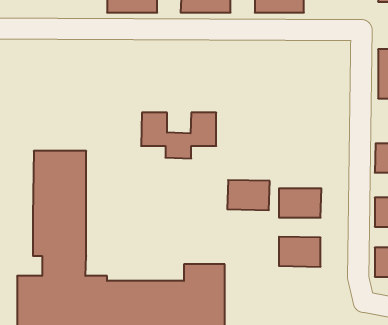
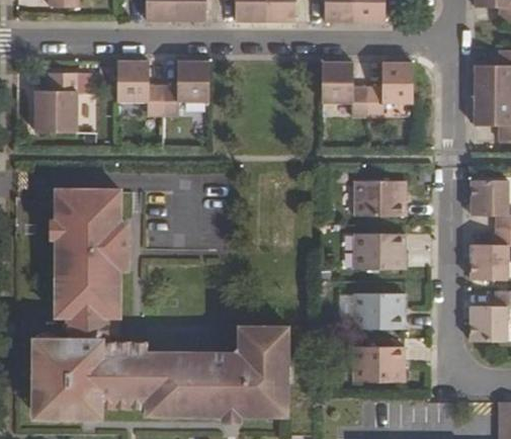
building: none -> [322,63,413,118]
building: none -> [35,74,77,134]
building: [141,113,216,158] -> [117,62,208,117]
building: [227,180,270,210] -> [354,181,406,217]
building: none -> [353,347,405,382]

